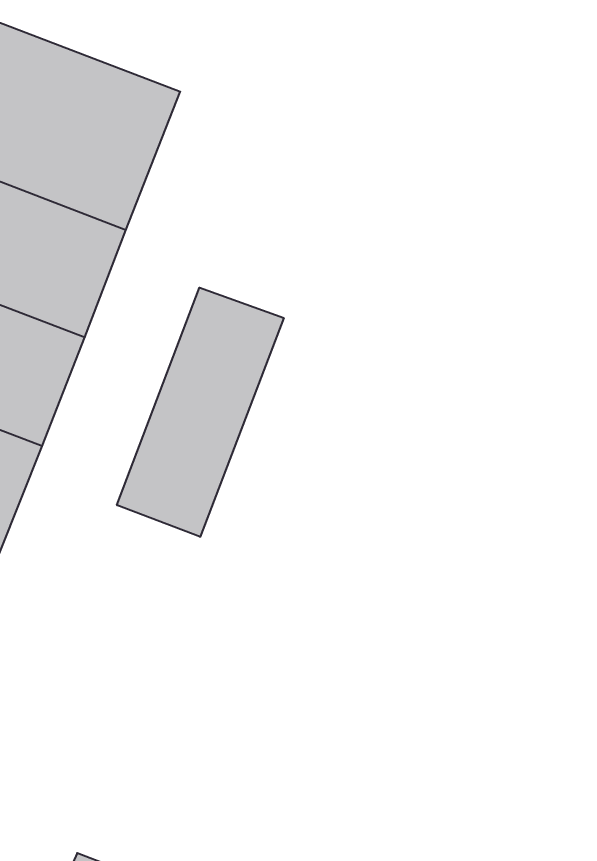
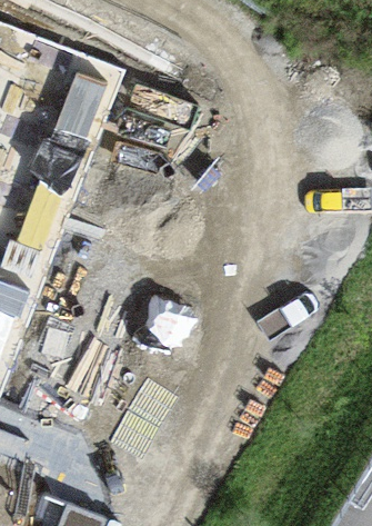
building: [117,288,284,537] -> none

